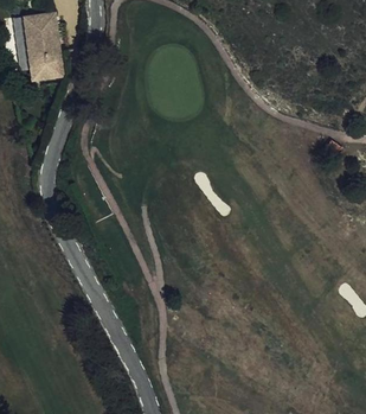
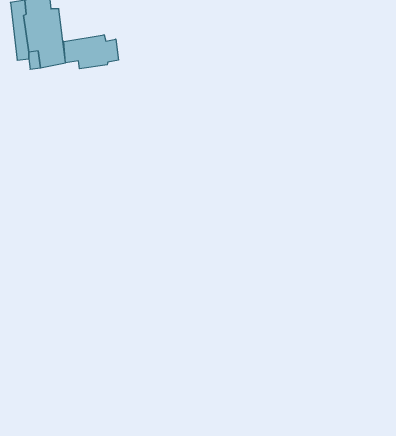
building: none -> [64,35,118,69]

